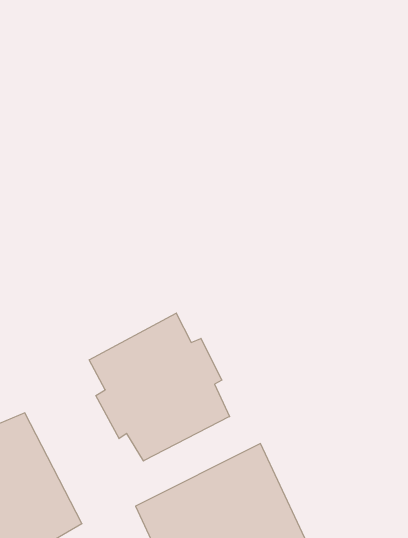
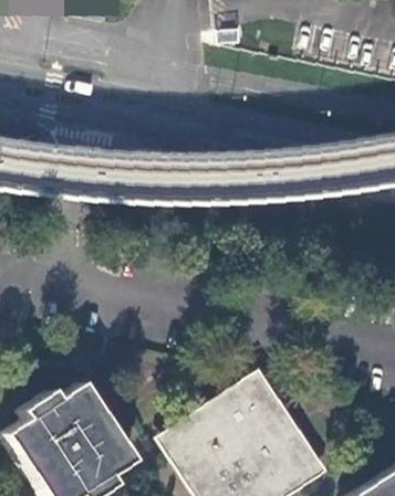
building: [89,313,230,461] -> none

